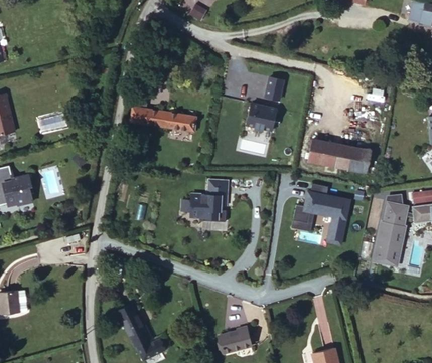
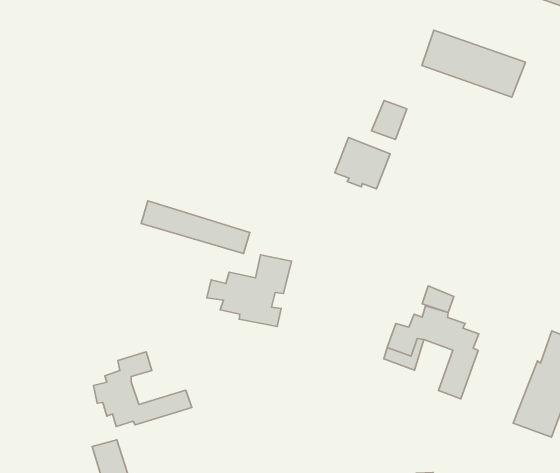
building: [128,108,193,131] -> [141,201,250,254]
building: [305,140,367,173] -> [422,30,525,97]
building: none -> [93,352,192,426]

